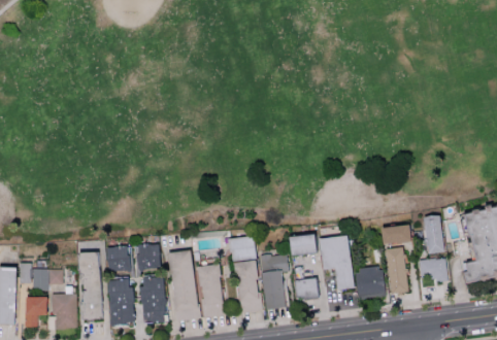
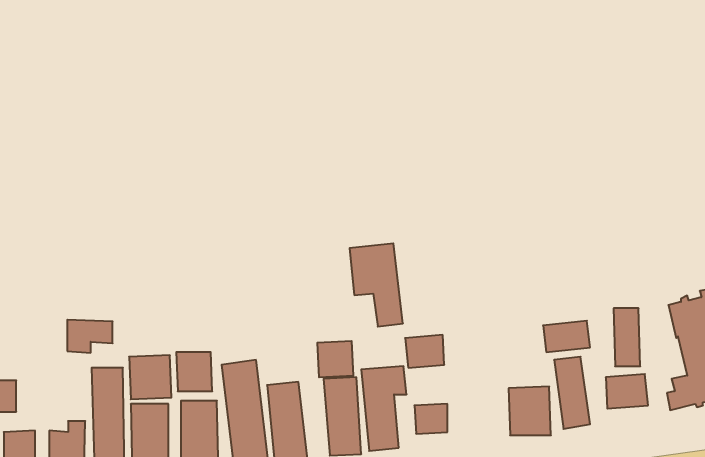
building: [319,235,354,290] -> [350,243,403,327]
building: [34,269,64,291] -> [67,320,113,353]

